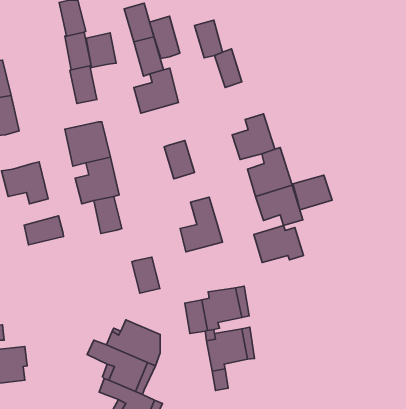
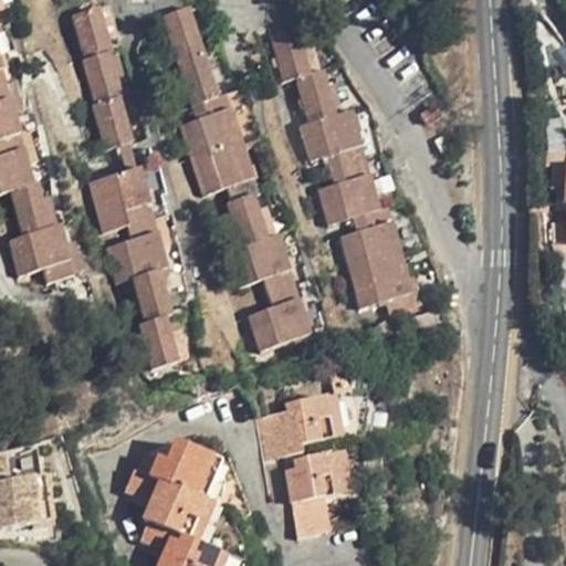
building: [150,16,180,59] -> none
building: [86,33,116,67] -> none
building: none -> [301,109,364,166]
building: none -> [195,143,262,201]
building: none -> [8,179,44,234]
building: none -> [230,237,289,286]
building: [293,175,332,210] -> none
building: [24,216,63,245] -> none
building: [254,225,303,263] -> none
building: [132,257,160,293] -> [134,318,172,368]

